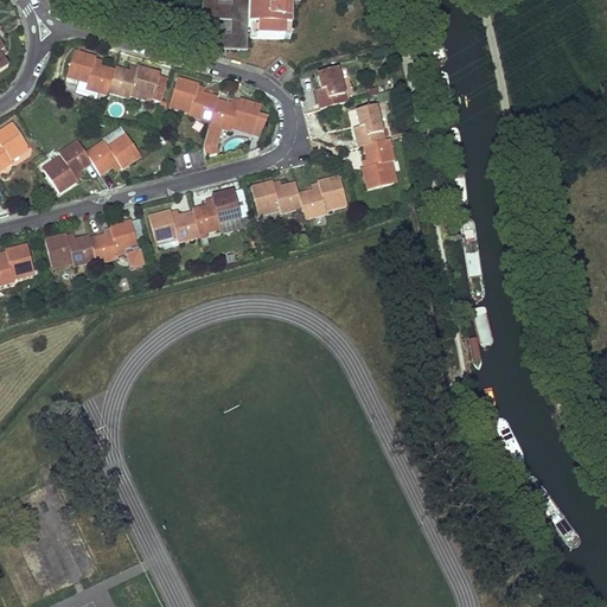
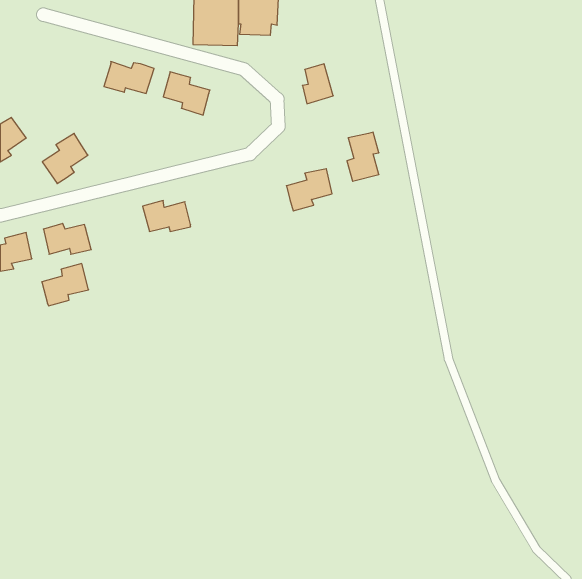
building: [68,49,116,94] -> none
building: [205,97,268,153] -> none
building: [353,104,384,145] -> none
building: [85,132,141,173] -> none
building: [251,180,302,212] -> none
building: [192,190,241,234] -> none
building: [90,218,139,262] -> [42,264,89,306]

